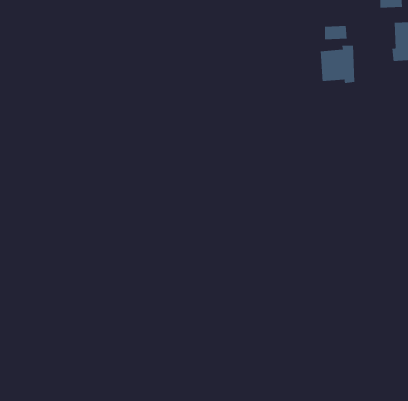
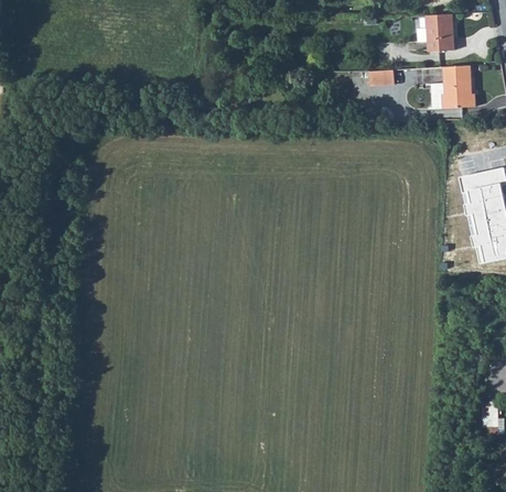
building: [320,45,355,84] -> none

